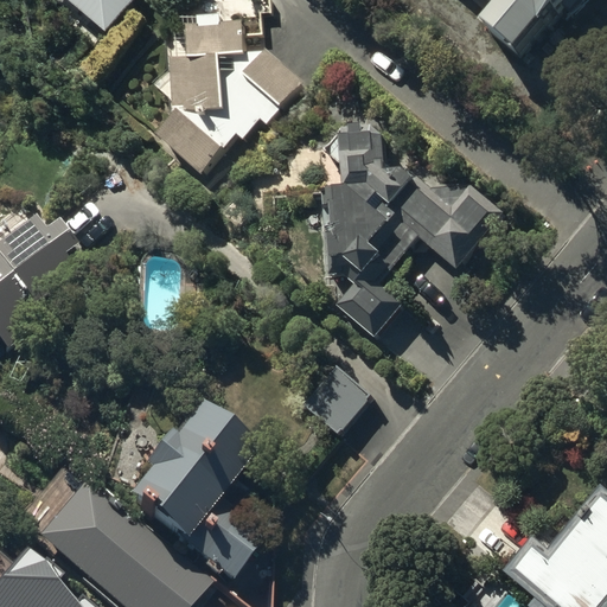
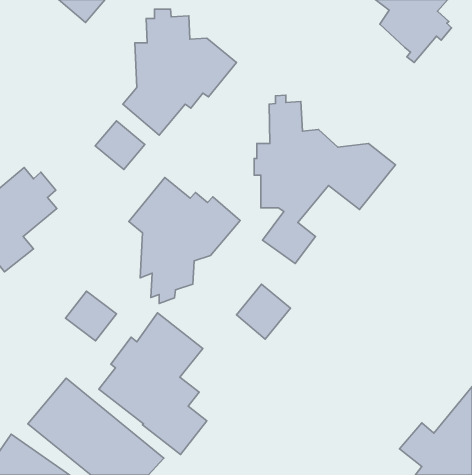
building: none -> [95,121,145,170]
building: none -> [129,178,240,304]
building: none -> [65,291,116,341]

